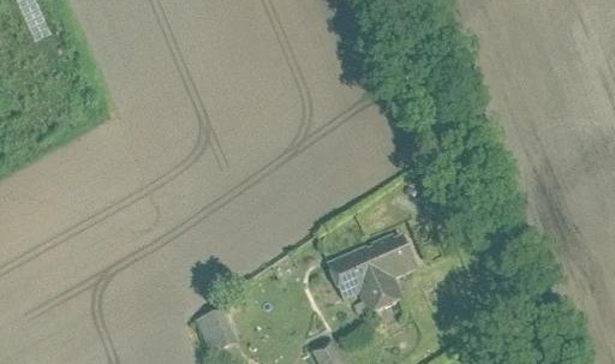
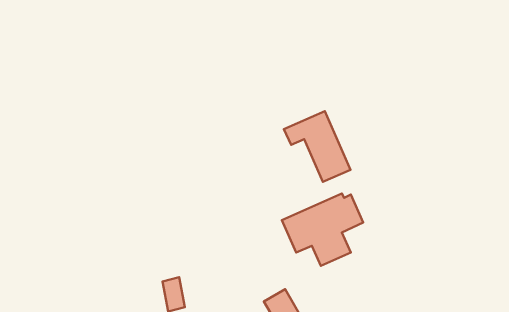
building: none -> [284,111,351,182]

